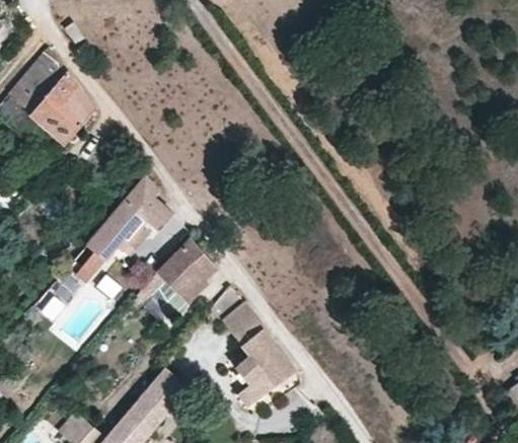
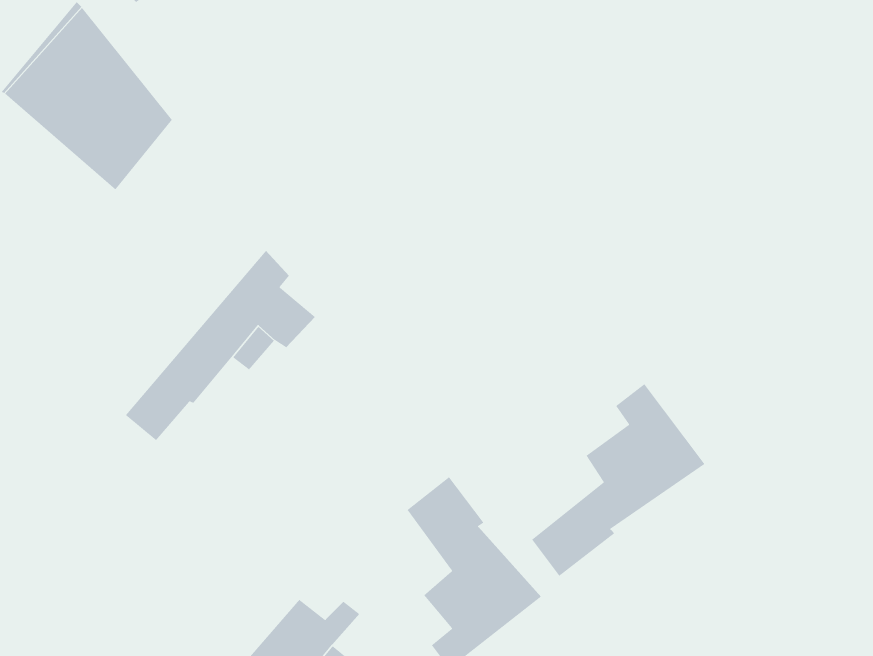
building: [123,240,215,318] -> none
building: none -> [531,383,706,577]

